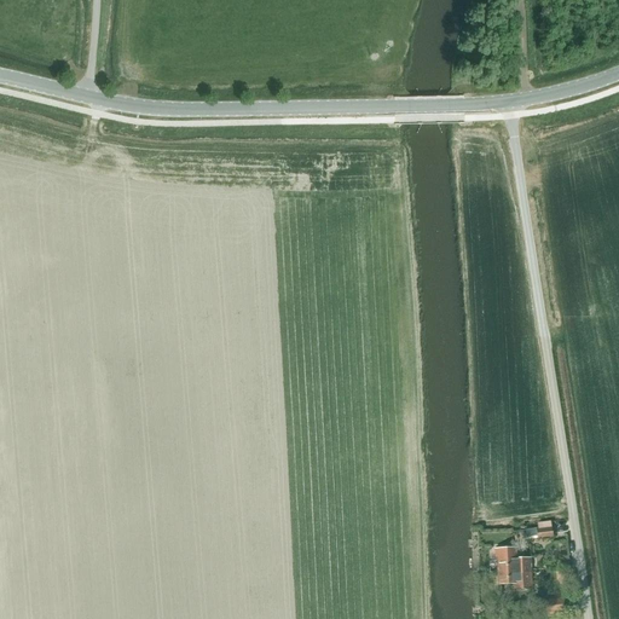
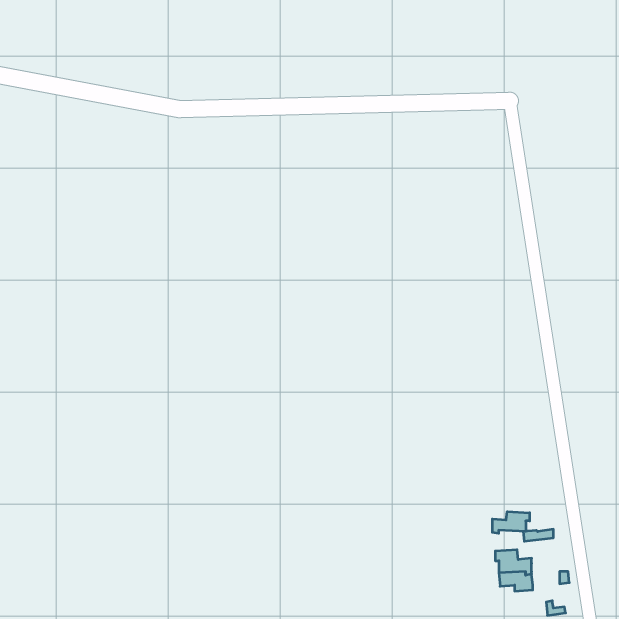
building: none -> [492,512,530,533]

